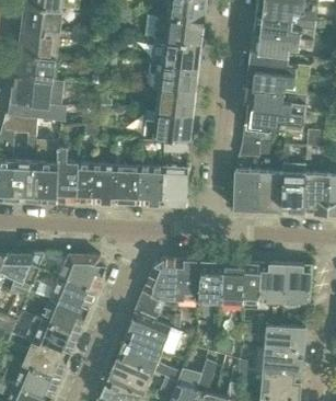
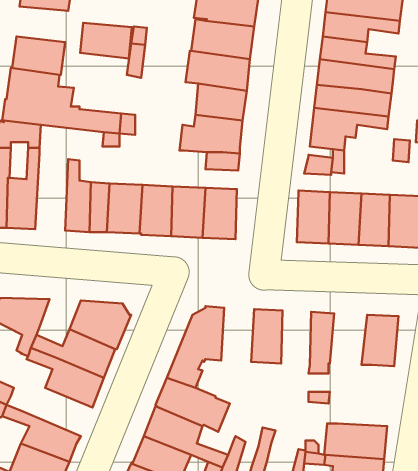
building: [19,28,58,56] -> [80,23,132,59]
building: [33,141,58,200] -> none
building: [175,260,200,301] -> none
building: [221,262,244,303] -> none
building: [257,264,287,311] -> none
building: [24,319,77,358] -> none
building: [264,324,305,351] -> none

